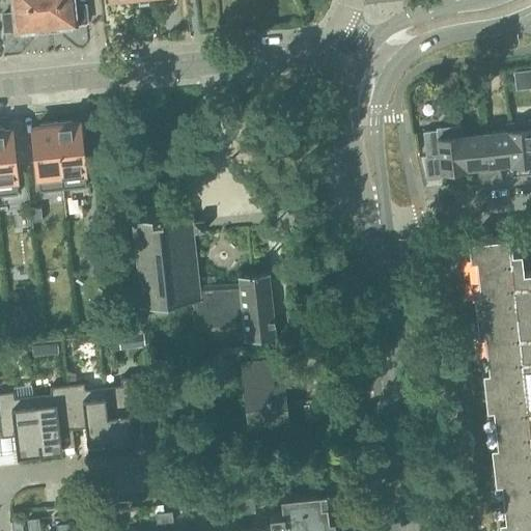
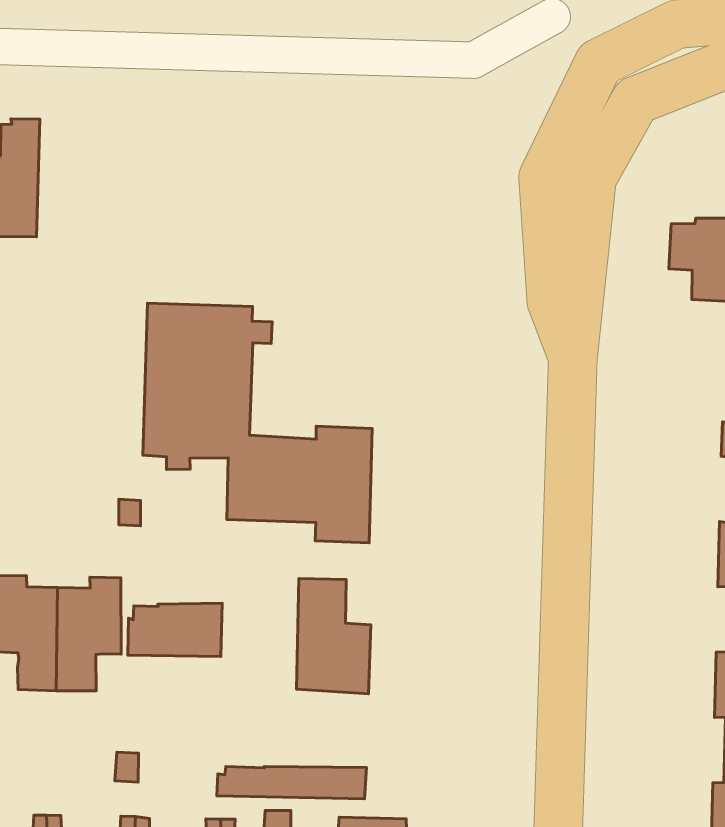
building: [57,122,88,191] -> none
building: none -> [128,603,222,656]
building: none -> [217,766,367,799]

